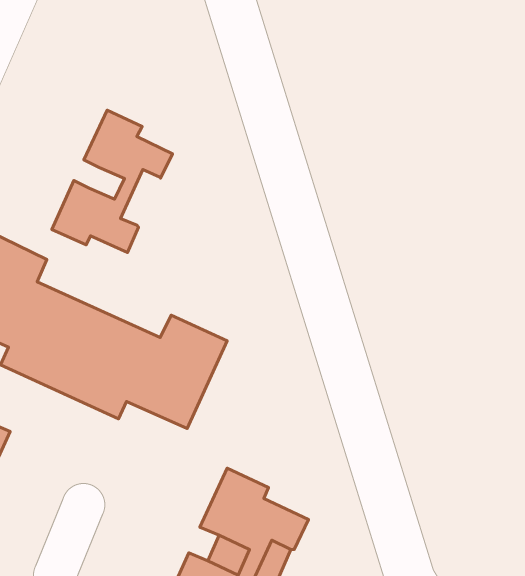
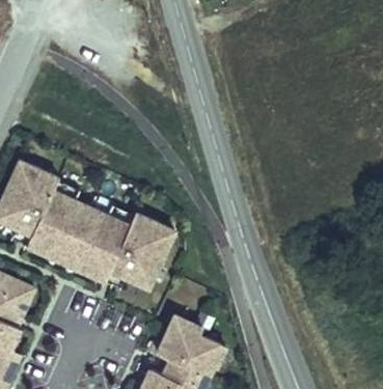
building: [52,110,173,252] -> none

